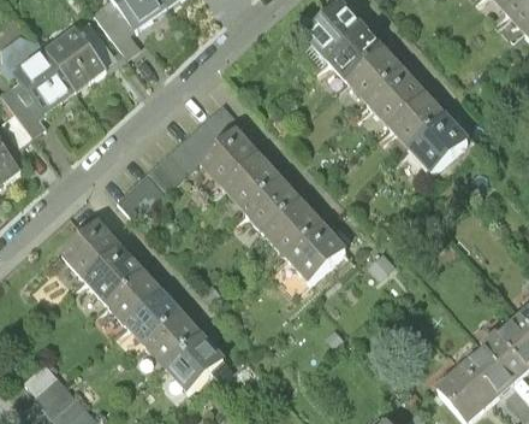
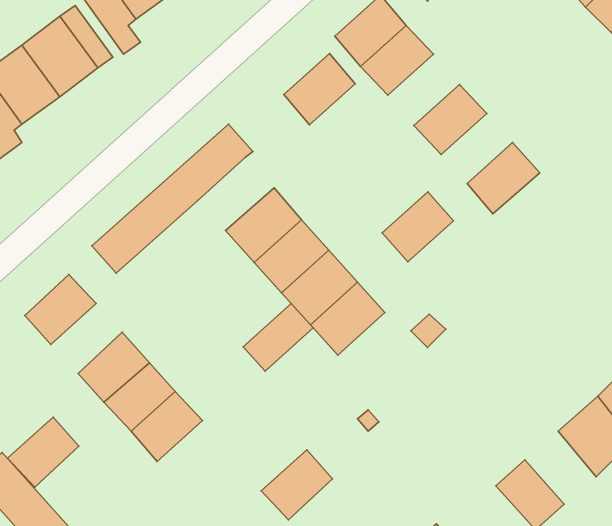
building: [349,47,405,104] -> [284,54,355,125]
building: [391,94,447,149] -> [382,192,454,262]
building: [198,129,258,187] -> none
building: none -> [243,303,313,371]
building: [82,245,138,300] -> [7,417,79,487]
building: [166,337,222,393] -> [261,450,333,520]
building: [457,346,513,404] -> none

